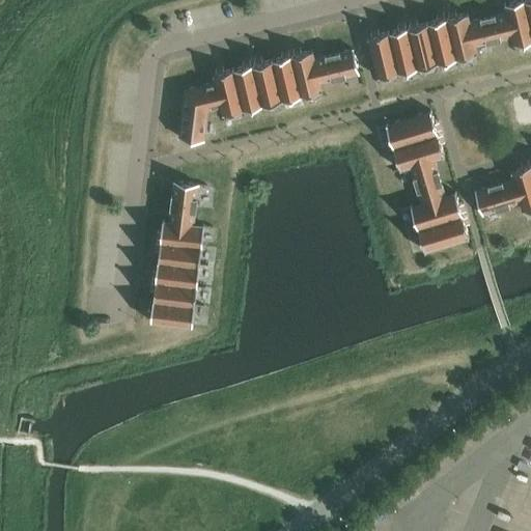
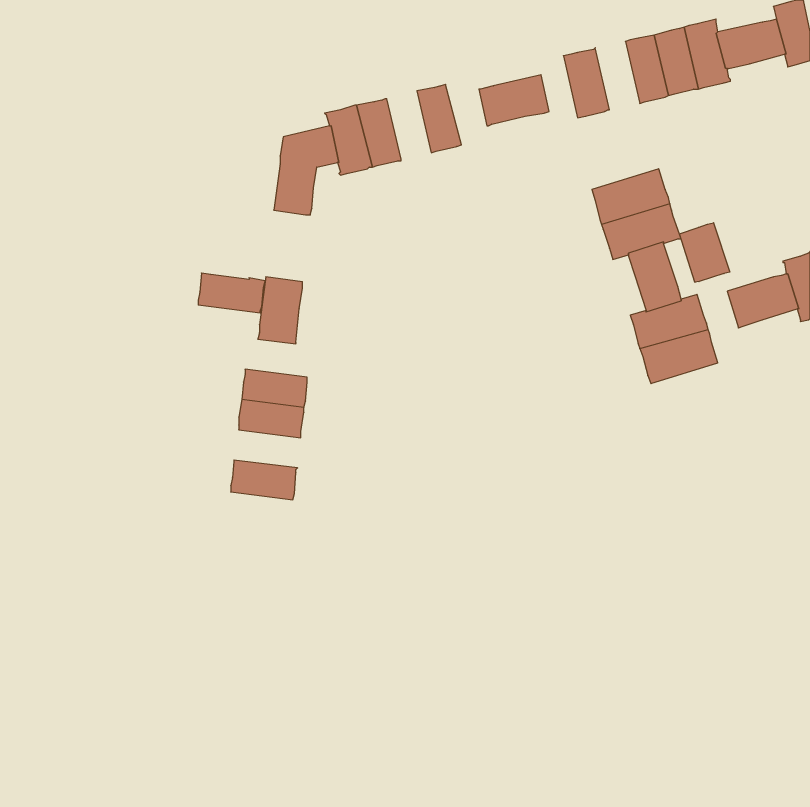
building: [388,31,417,76] -> none
building: [290,54,322,99] -> none
building: [252,63,281,108] -> none
building: none -> [680,223,730,282]
building: [160,224,203,250] -> [198,273,265,313]
building: [152,284,196,309] -> none

